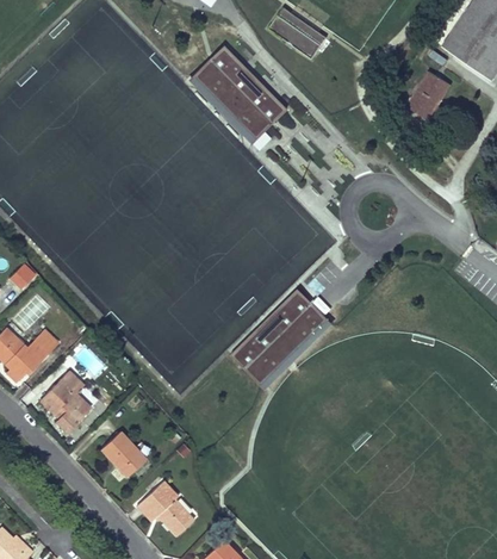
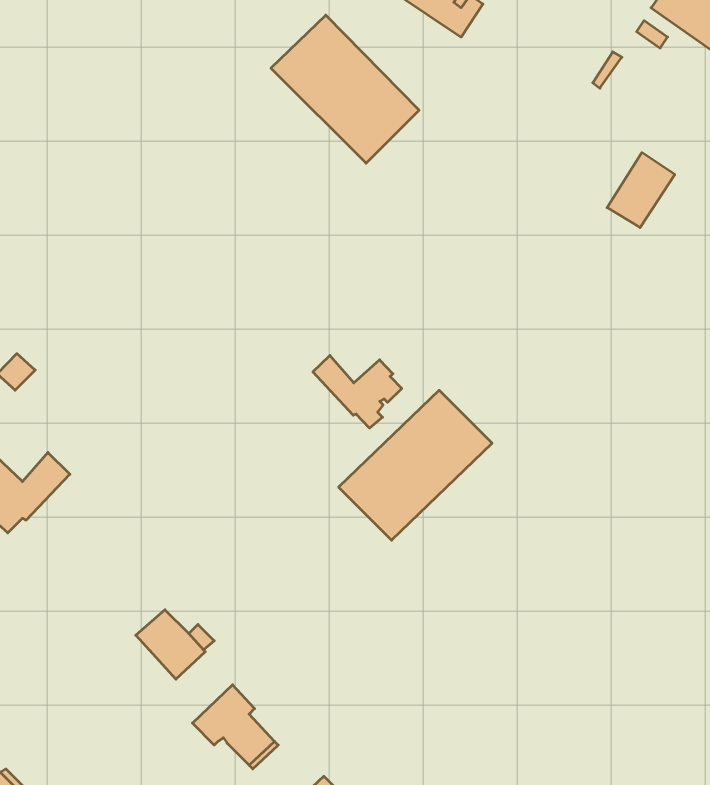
building: [406,72,451,120] -> [607,153,675,228]
building: none -> [313,355,402,428]
building: [39,372,91,434] -> none

